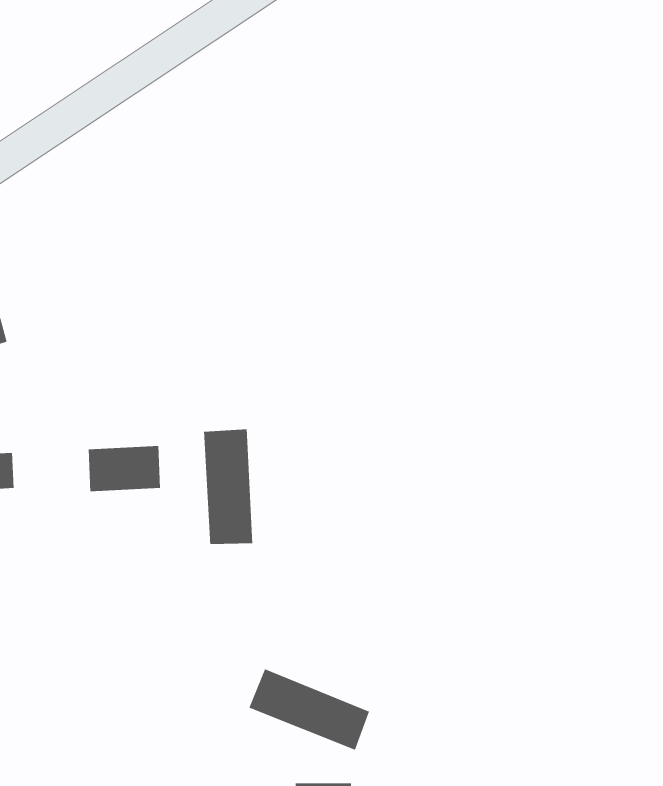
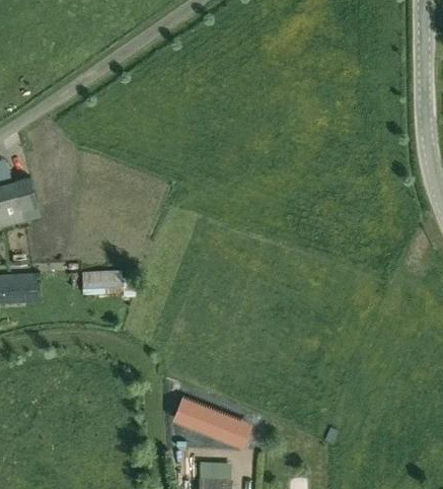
building: [203,429,253,545] -> none

